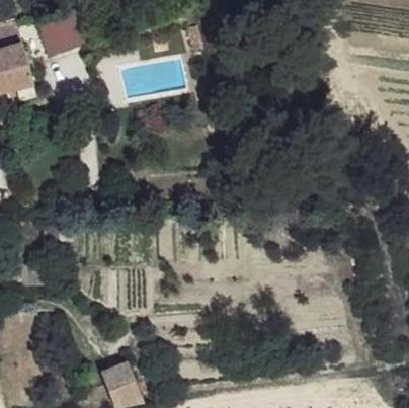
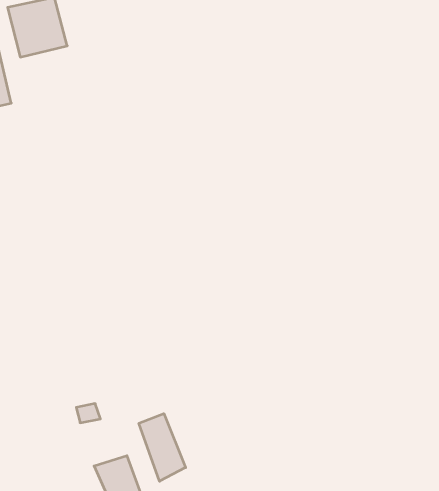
building: none -> [139,414,186,481]

